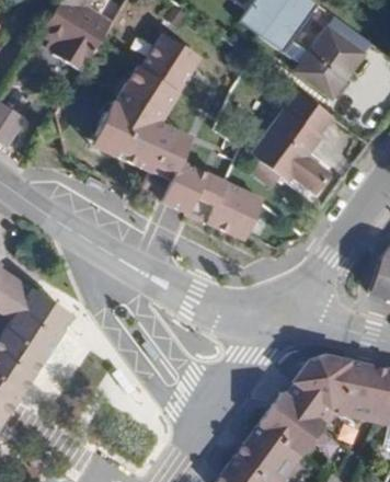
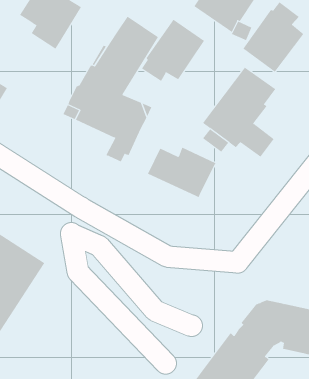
building: none -> [141,19,205,82]
building: [158,161,227,213] -> none

